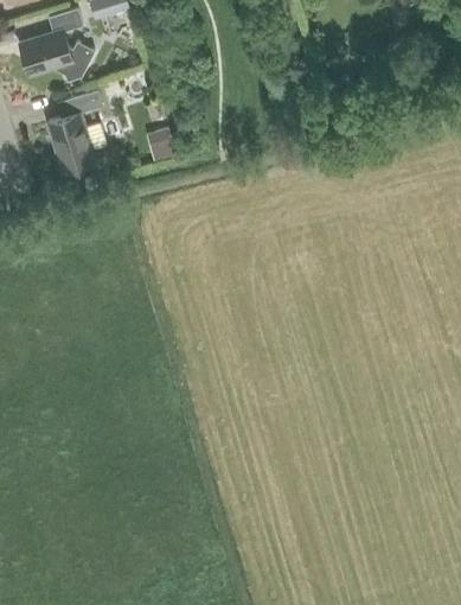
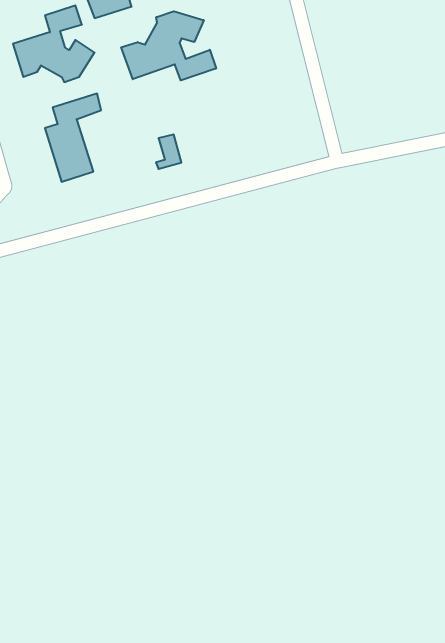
building: none -> [121,11,216,80]

